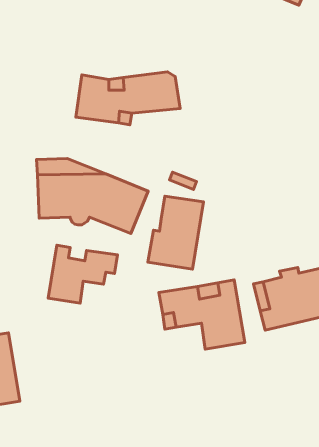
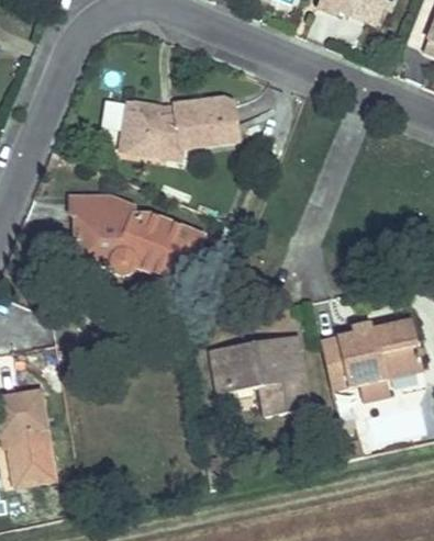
building: [148,196,204,269] -> none
building: [48,245,118,303] -> none

